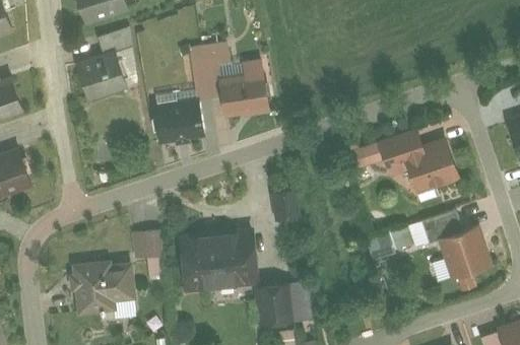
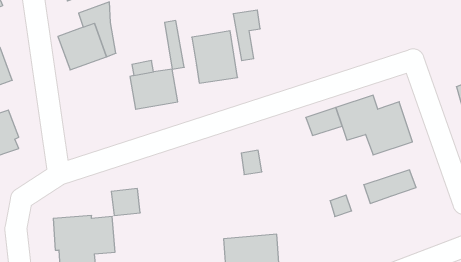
building: [202,44,232,98] -> [233,10,260,61]
building: [436,224,492,280] -> none
building: [180,226,258,288] -> none

